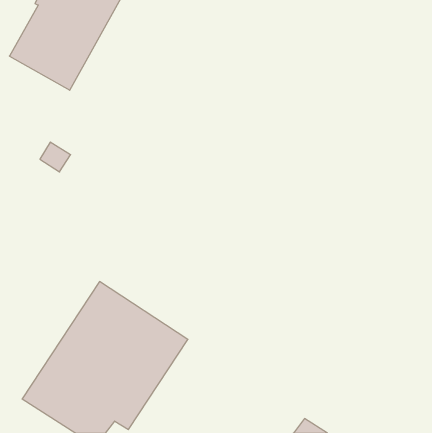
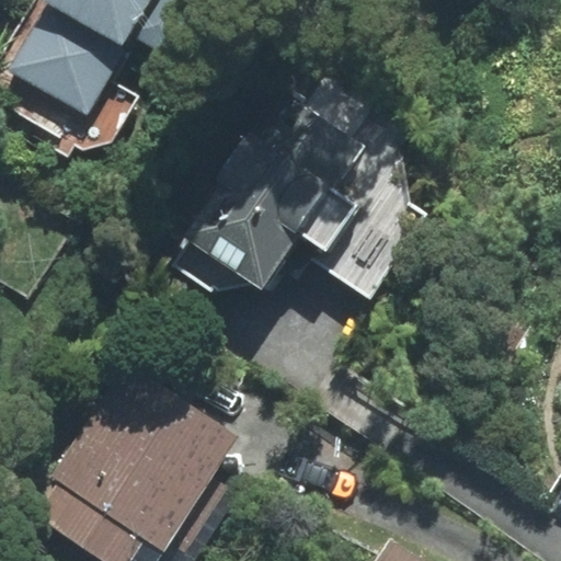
building: none -> [168,92,366,295]

